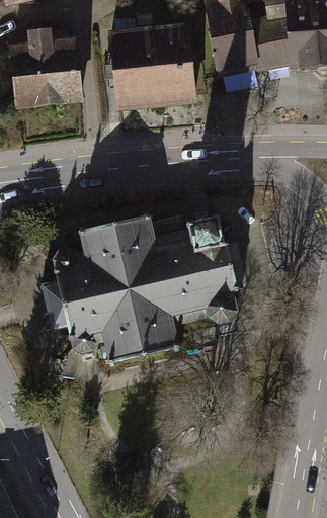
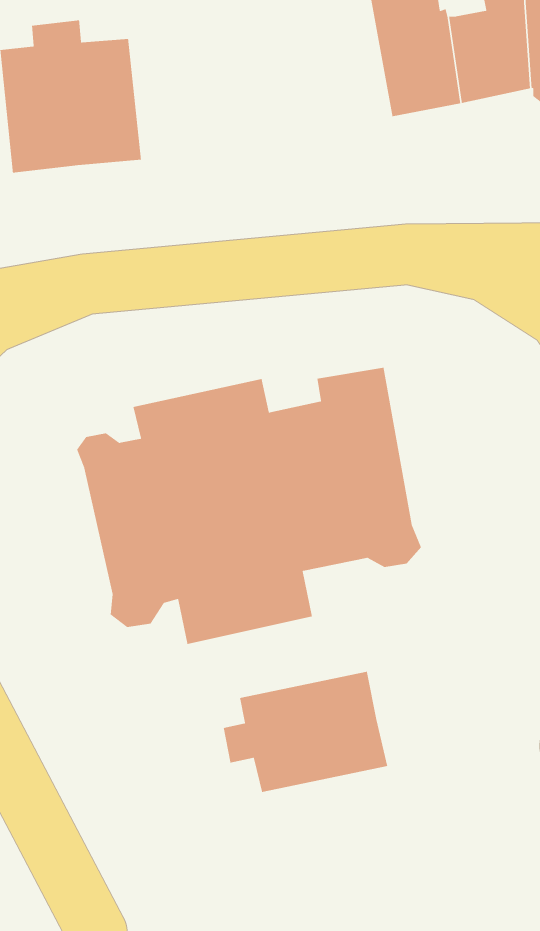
building: [110,27,195,105] -> none
building: none -> [223,671,388,793]

